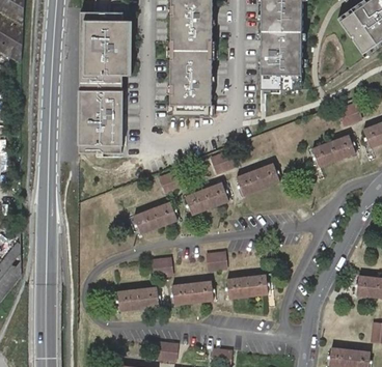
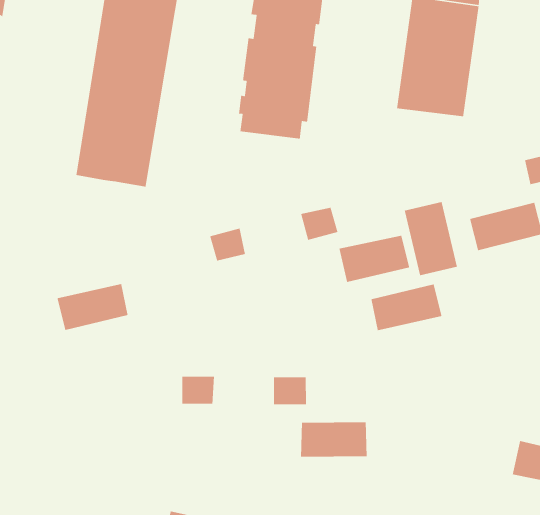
building: none -> [404,201,458,276]
building: [186,180,229,213] -> [371,284,443,331]
building: [134,200,178,232] -> [56,283,128,331]
building: [174,281,215,306] -> none
building: [120,286,161,312] -> none

